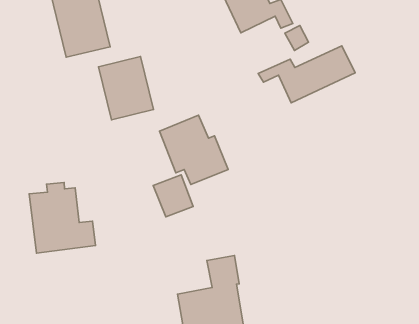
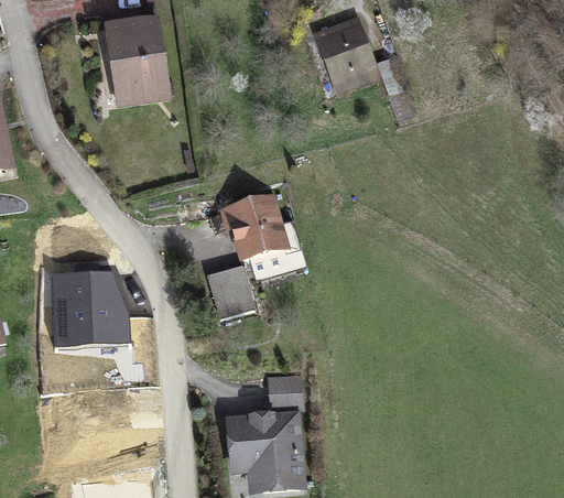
building: [258,46,355,103] -> none
building: [99,57,153,120] -> none

